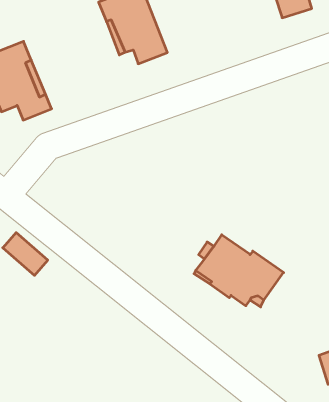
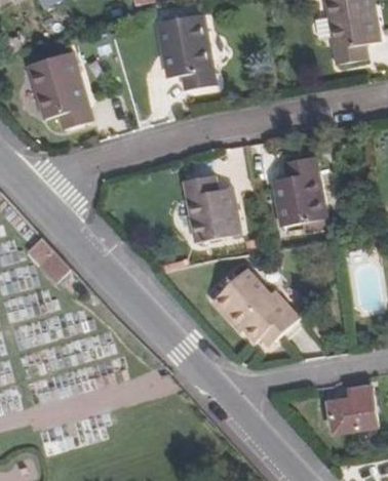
building: none -> [265,158,320,234]
building: none -> [176,177,234,243]

